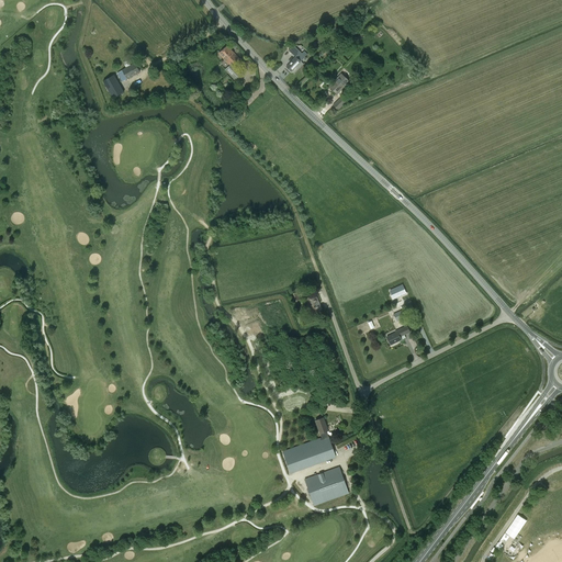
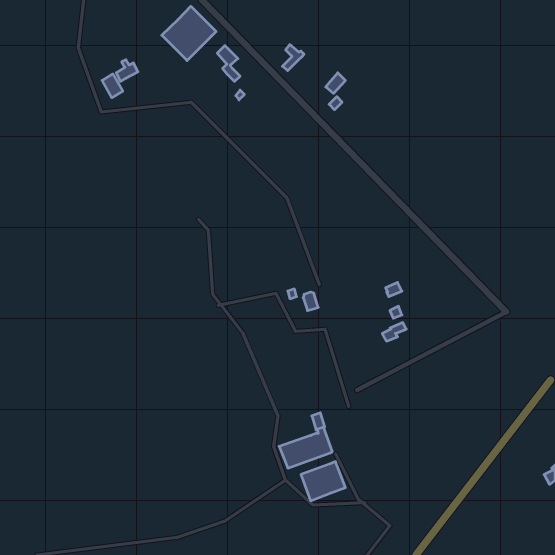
building: none -> [162,6,216,61]

